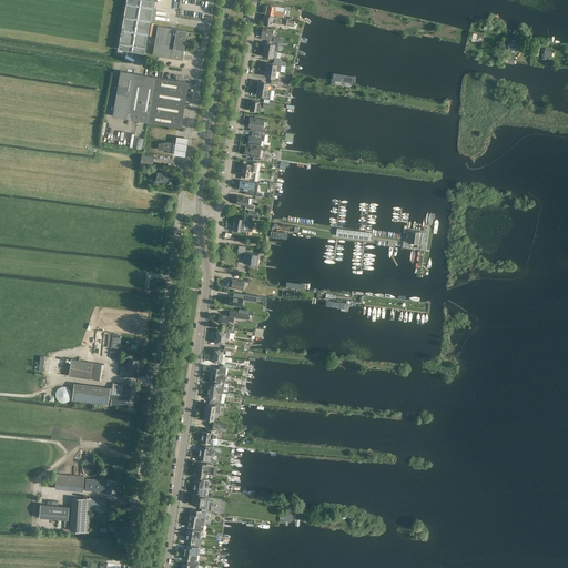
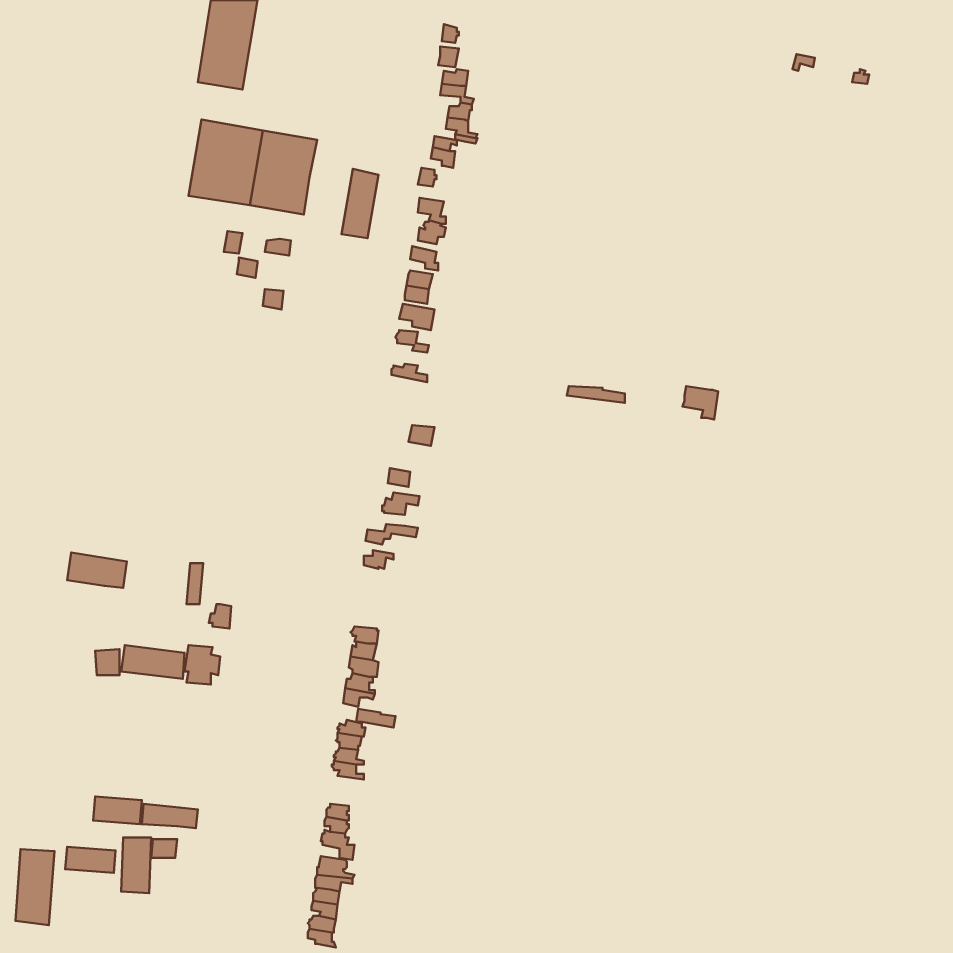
building: [152,26,186,60] -> none
building: none -> [341,169,378,238]
building: [69,358,104,379] -> [67,552,127,588]
building: none -> [15,849,55,925]

